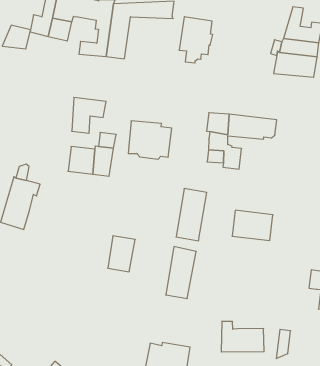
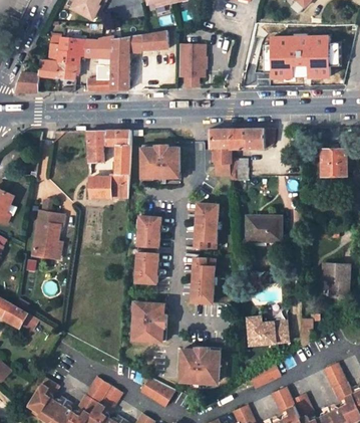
building: none -> [113,132,131,161]
building: none -> [137,218,159,249]
building: none -> [132,304,165,344]

